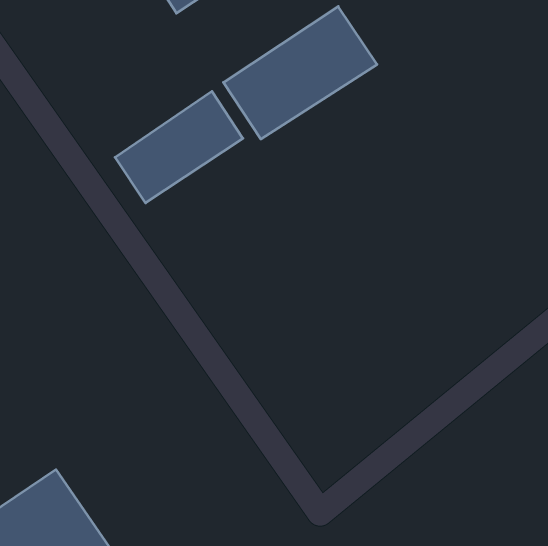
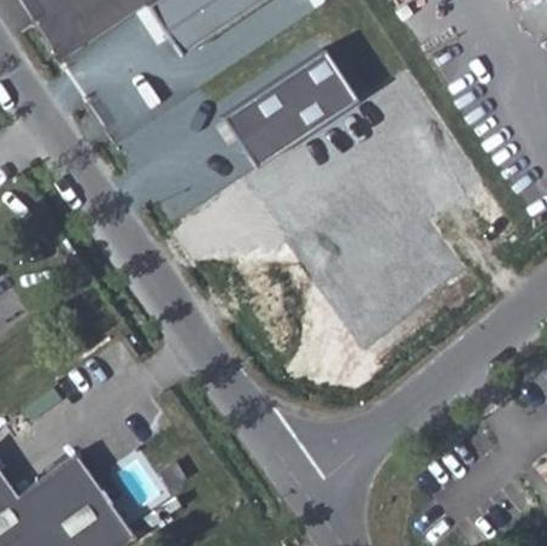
building: [115,91,243,203] -> none

